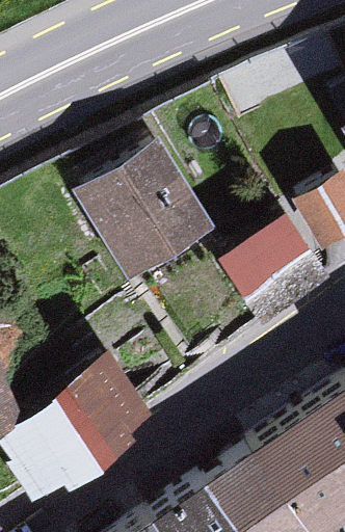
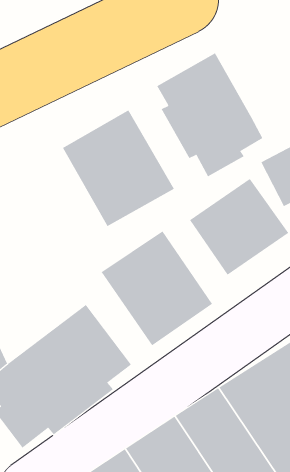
building: none -> [157,53,263,177]
building: none -> [101,230,213,346]

